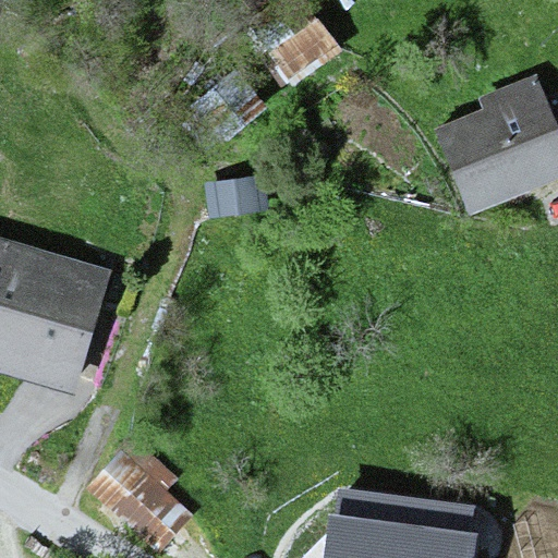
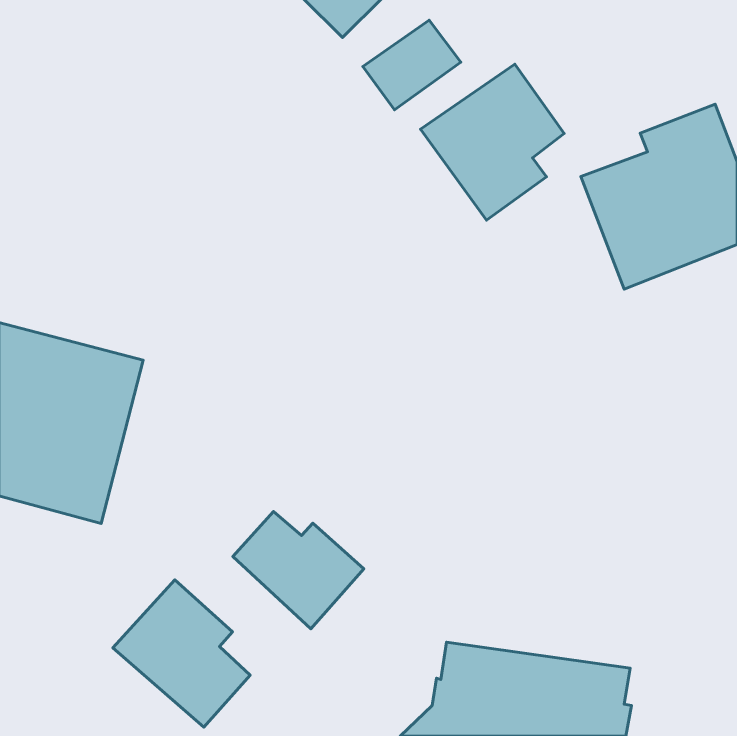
building: none -> [420,64,564,220]
building: none -> [233,512,364,629]

